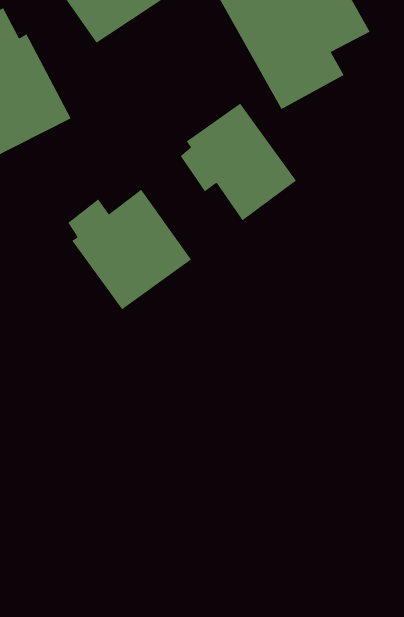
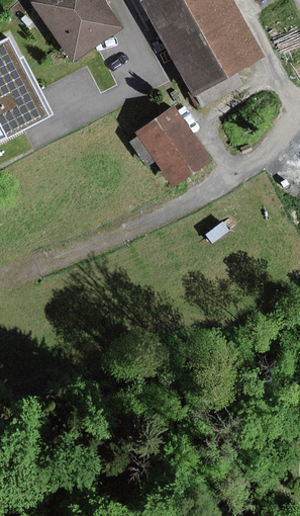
building: [68,189,192,310] -> none

